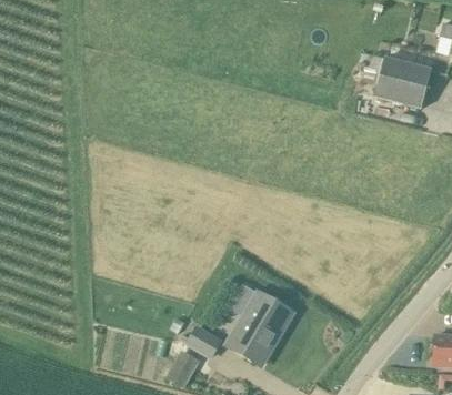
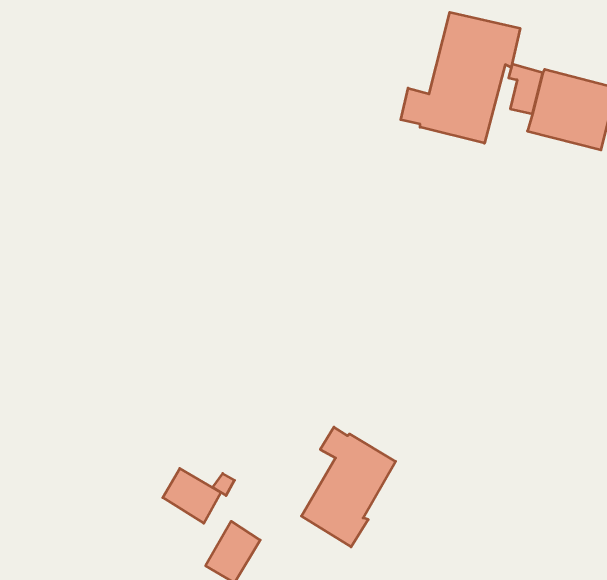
building: none -> [401,12,520,143]
building: [187,325,224,361] -> [163,468,221,523]

